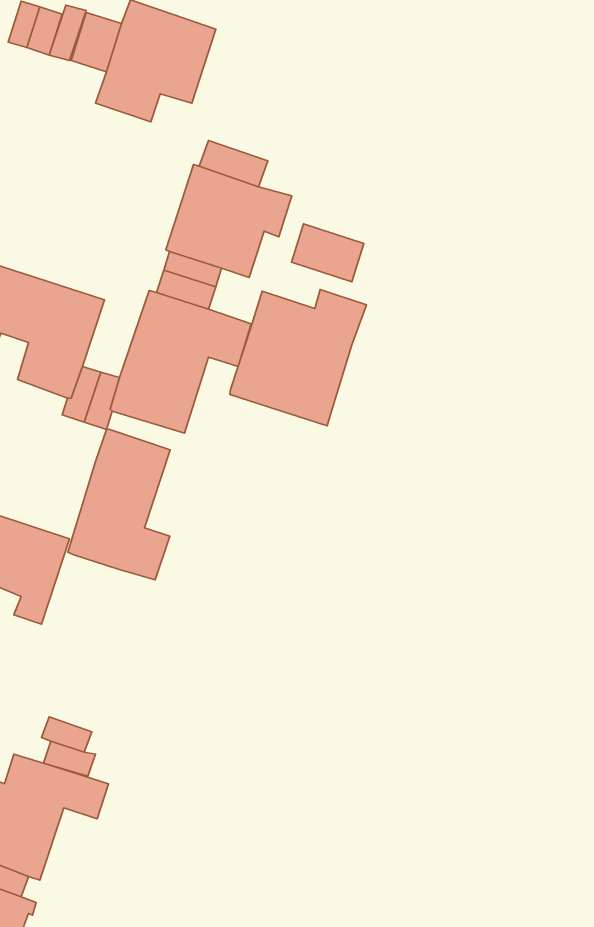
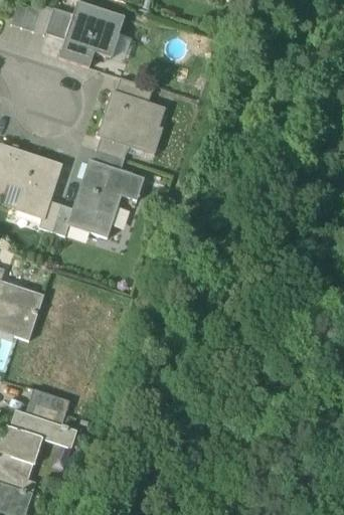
building: [291,224,364,282] -> none
building: [230,290,367,426] -> none
building: [68,429,170,580] -> none

